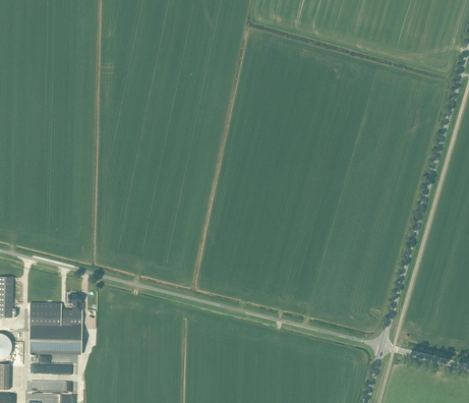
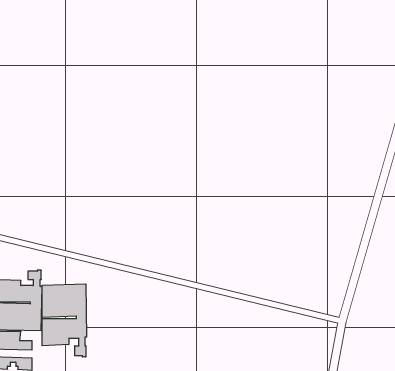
building: none -> [42,284,87,357]

